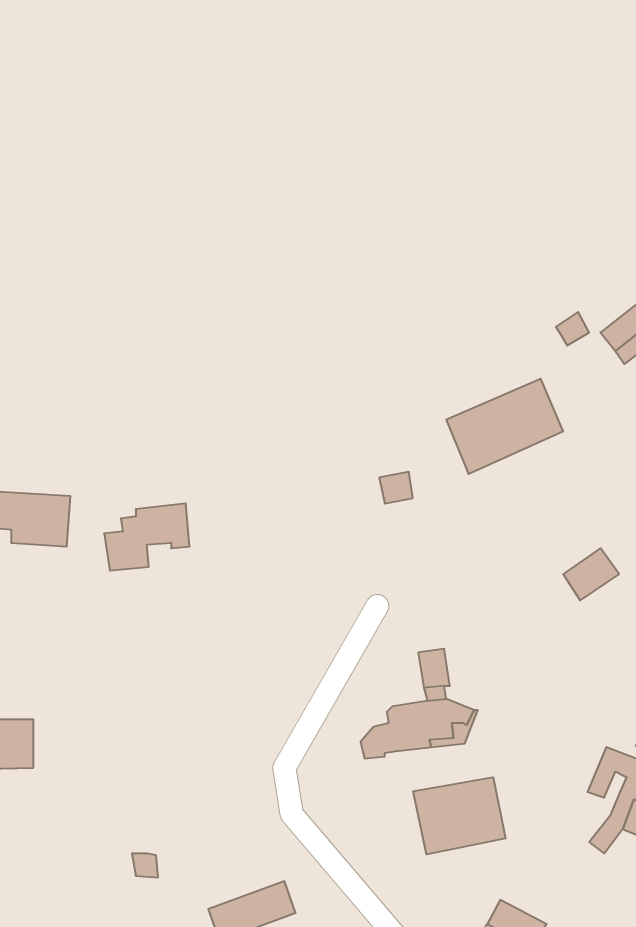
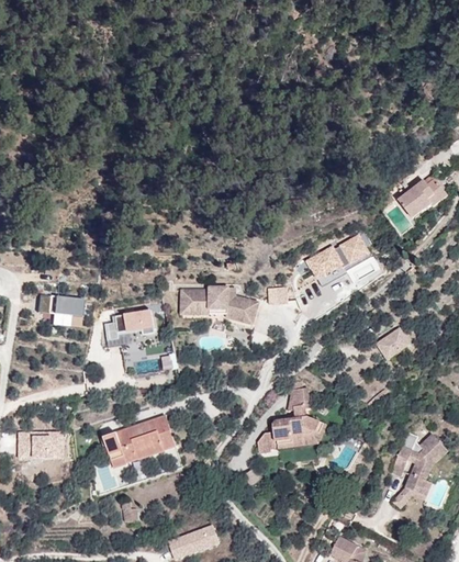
building: none -> [180,288,258,326]
building: none -> [102,415,175,468]
building: [413,777,506,854] -> none

